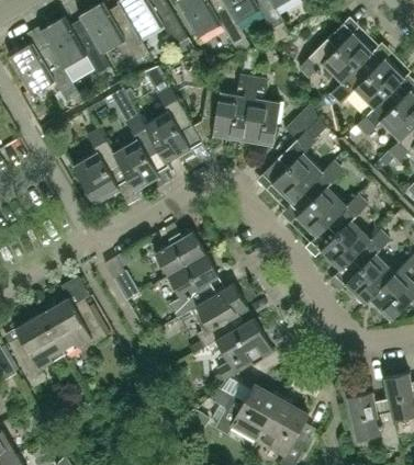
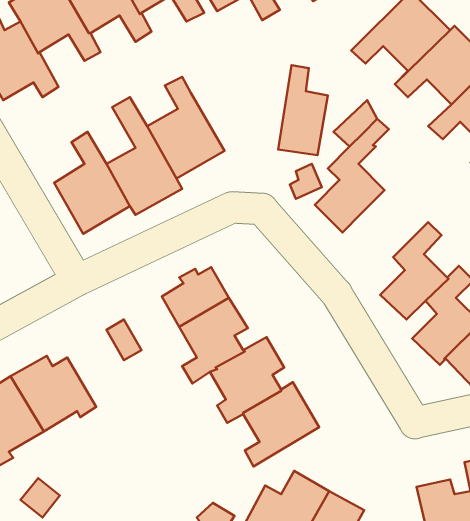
building: [203,76,254,141] -> none
building: [296,163,348,237] -> none

